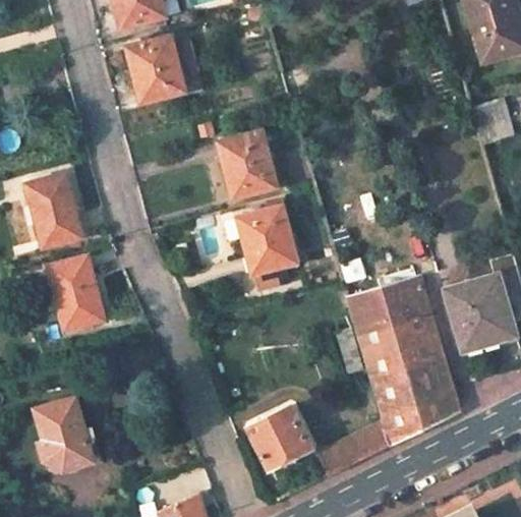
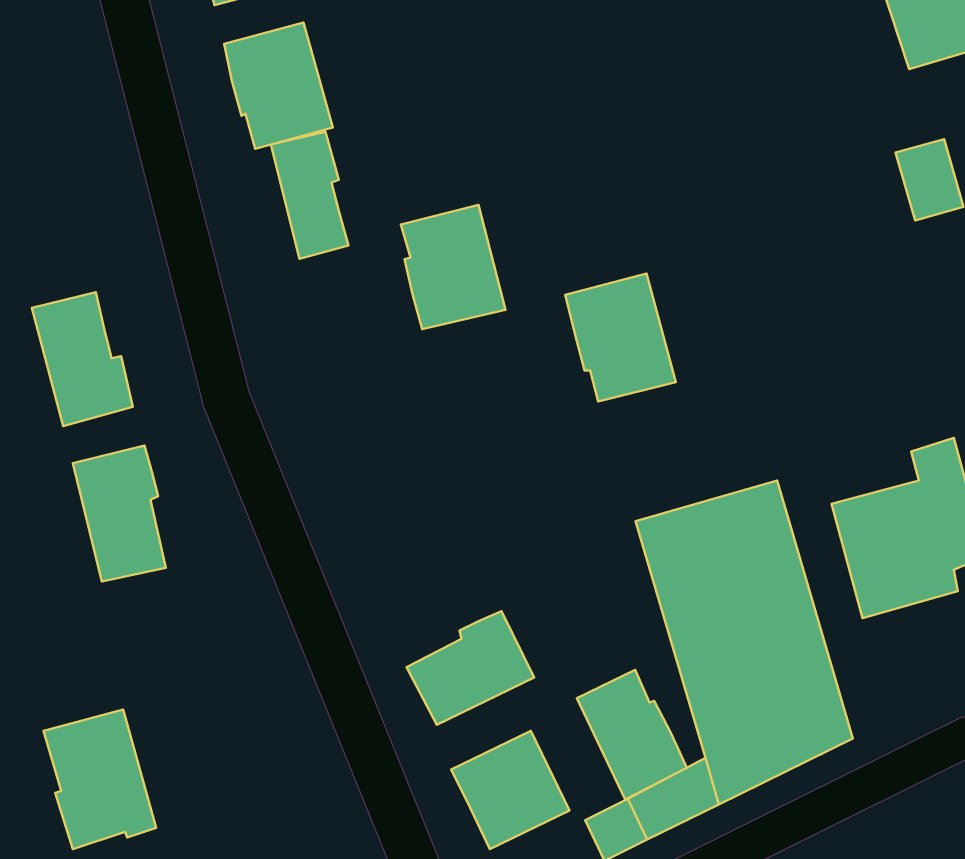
building: none -> [271,132,349,259]
building: [238,207,296,274] -> [565,273,676,401]
building: none -> [407,611,534,725]
building: none -> [577,670,687,799]

